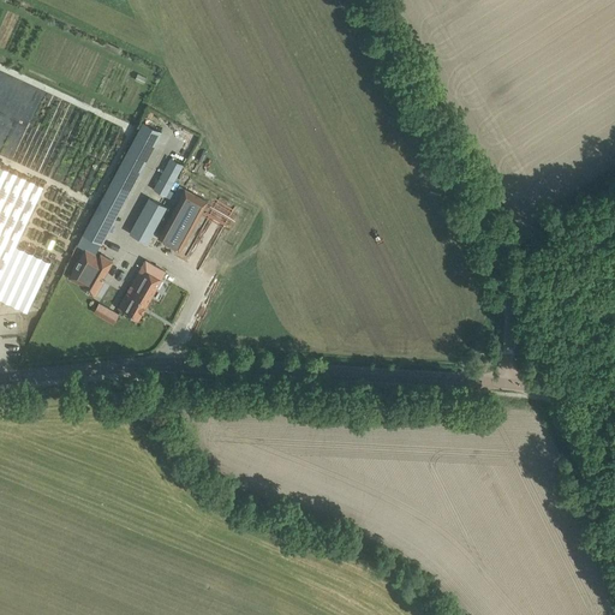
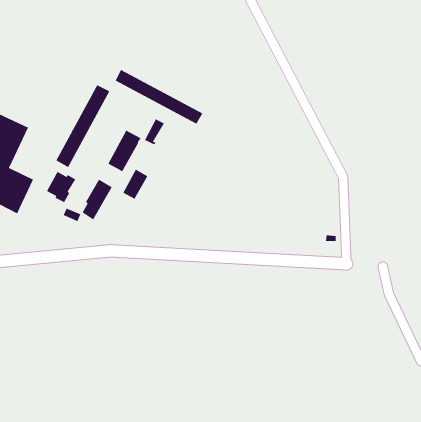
building: none -> [115,69,203,124]
building: [151,160,181,198] -> [144,119,165,145]
building: [127,199,165,244] -> [122,169,148,199]

